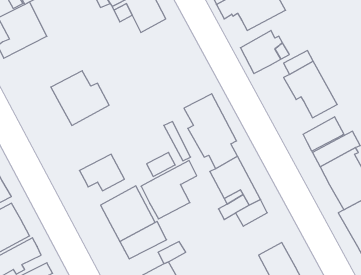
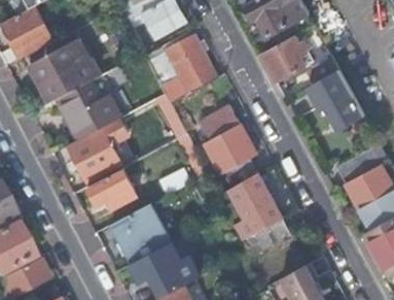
building: none -> [146,34,218,102]
building: none -> [31,42,100,101]
building: [303,117,344,151] -> none
building: [141,160,197,219] -> [69,116,129,179]

